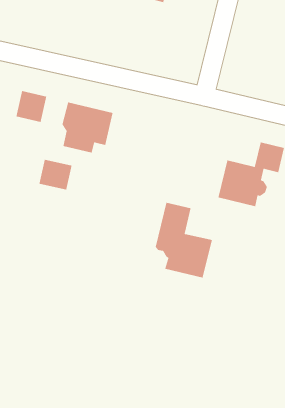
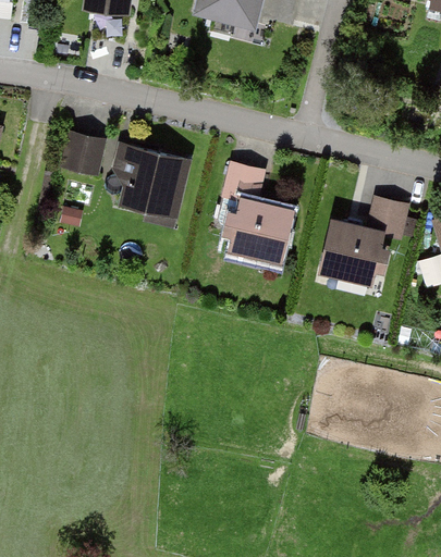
building: [38,159,73,191] -> none
building: [155,202,213,279] -> [217,163,291,261]

